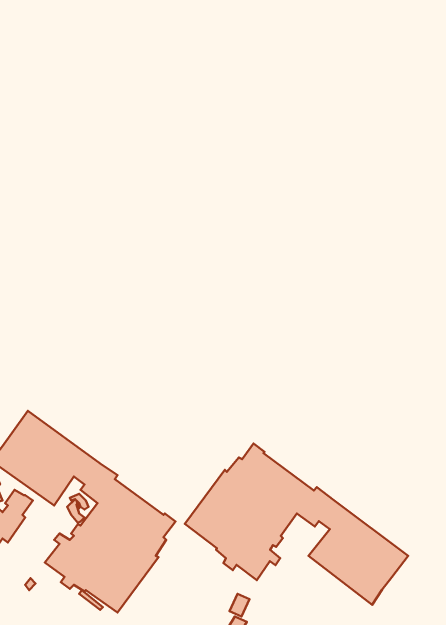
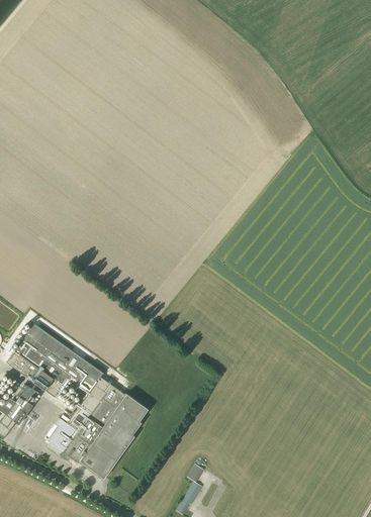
building: [185,444,408,605] -> none

